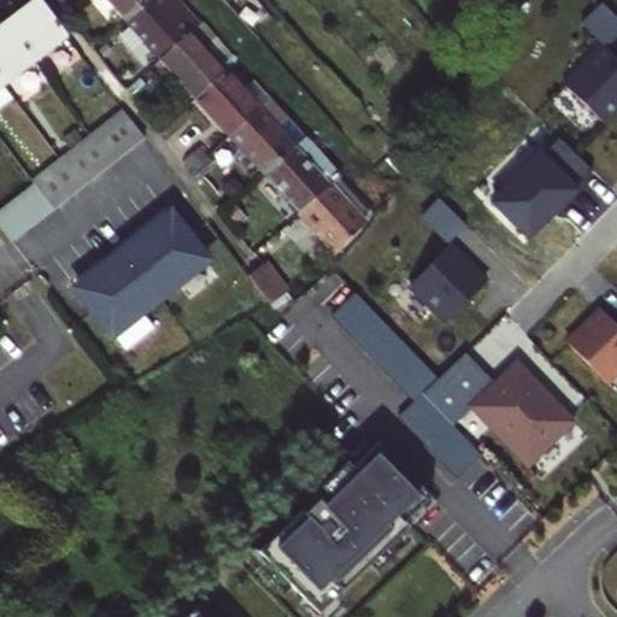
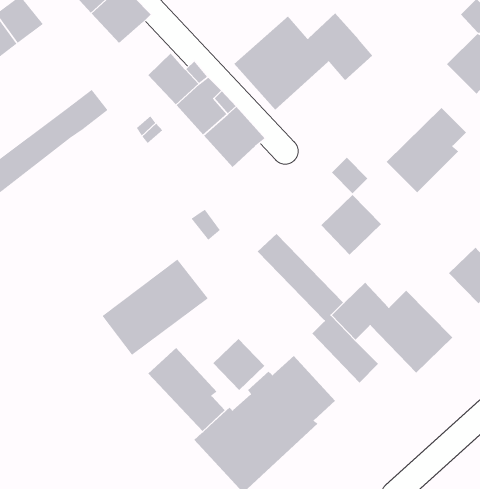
building: none -> [233,13,373,110]
building: [160,30,224,95] -> none
building: [300,183,364,249] -> none
building: [77,213,210,334] -> [101,258,209,356]
building: none -> [212,338,265,391]
building: none -> [148,347,225,432]

